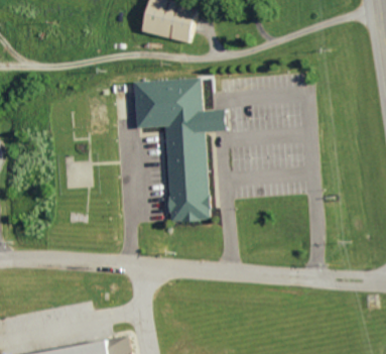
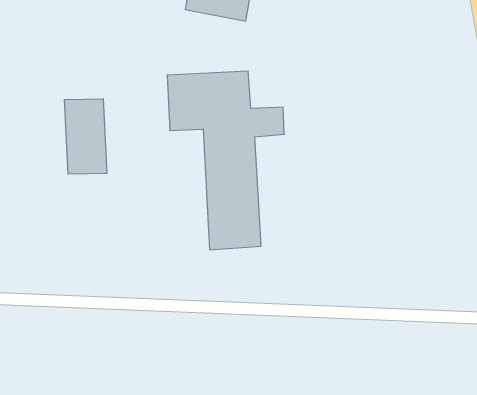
building: none -> [65,99,107,174]

